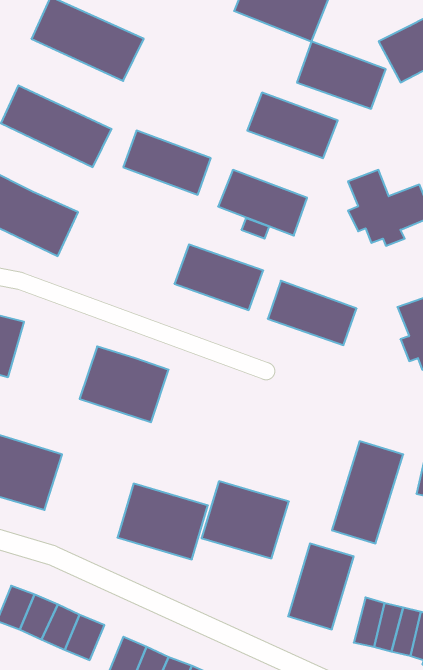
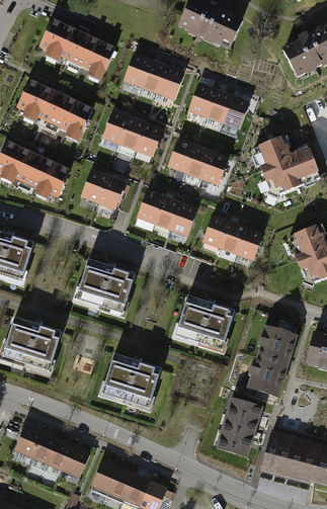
building: [297,42,386,109] -> [124,54,185,100]
building: none -> [81,168,127,207]
building: [201,481,289,558] -> [173,298,234,351]

